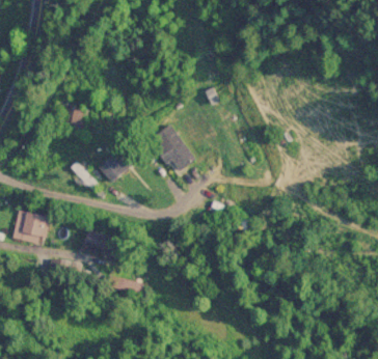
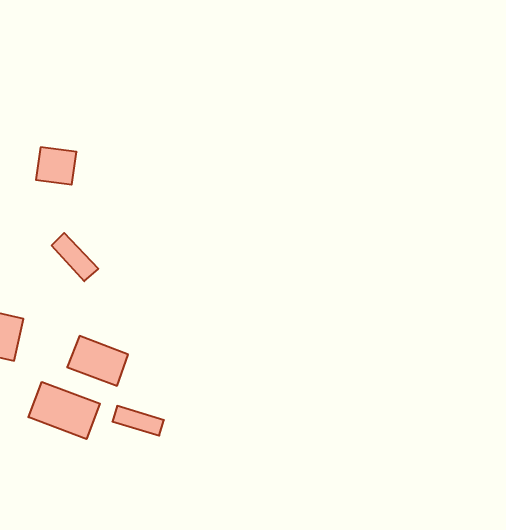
building: [153,123,193,170] -> none
building: [96,148,131,182] -> none
building: none -> [28,382,100,439]

